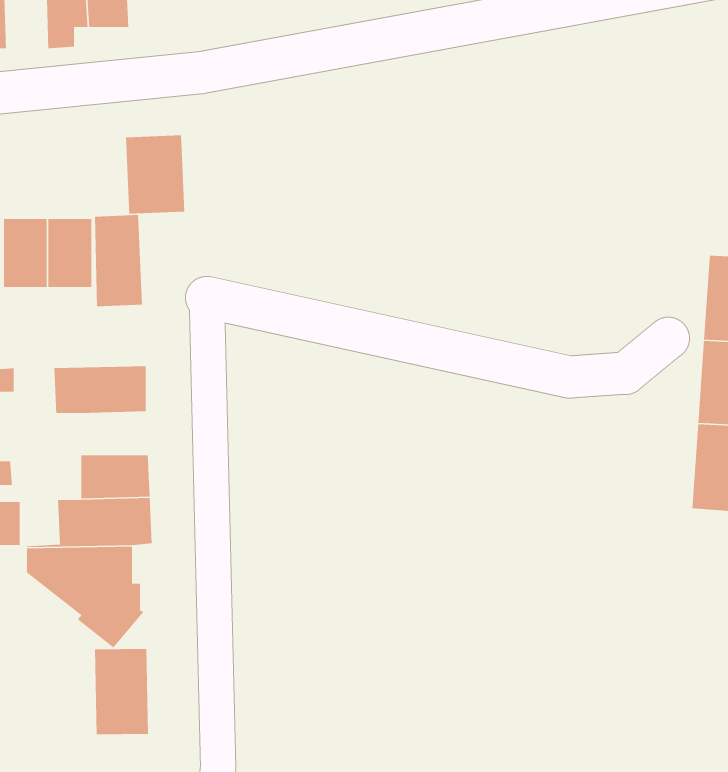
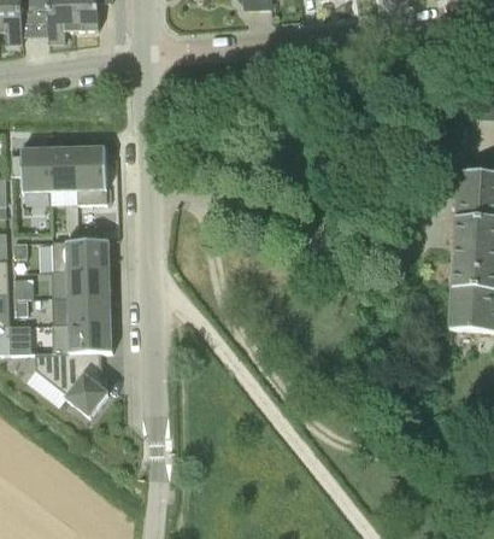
building: [125,134,185,215] -> none
building: none -> [66,269,110,295]
building: [94,648,149,735] -> none

